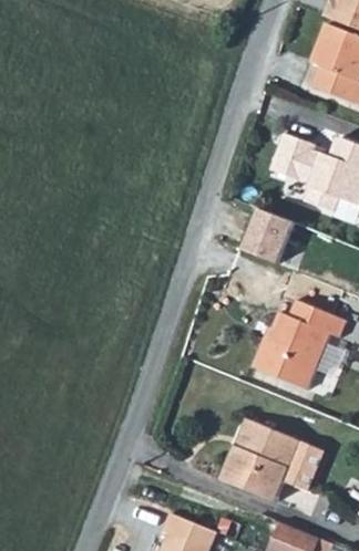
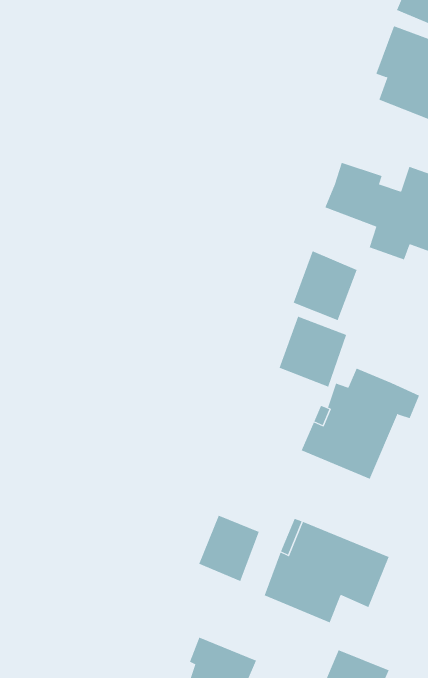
building: none -> [279,316,347,388]
building: none -> [199,515,259,582]

